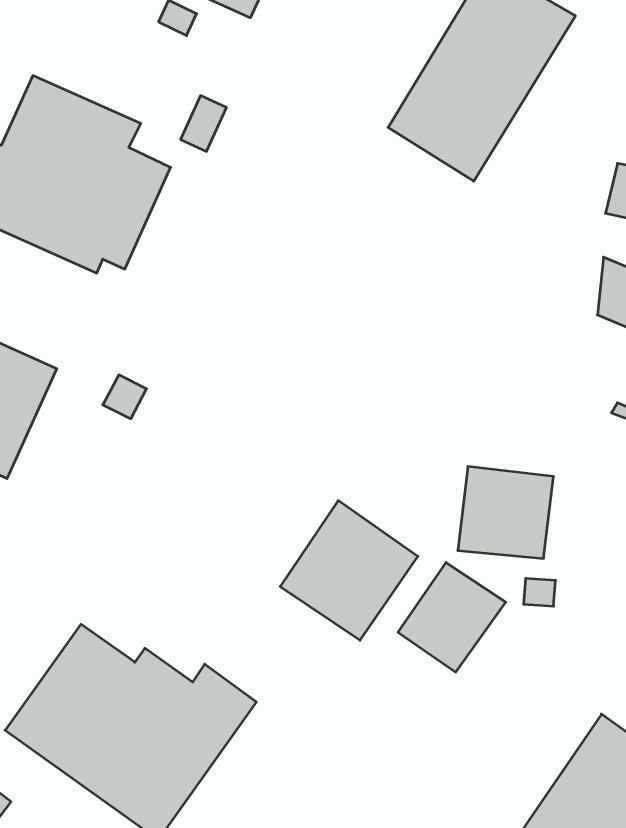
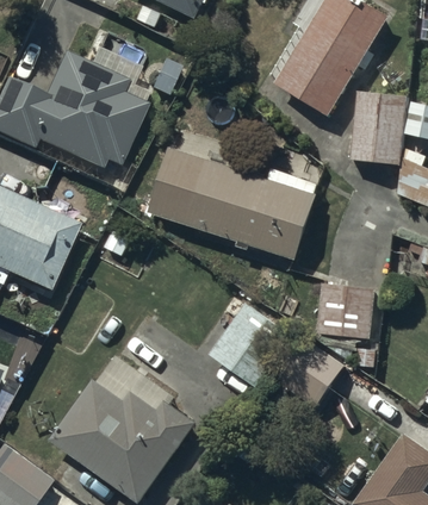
building: none -> [353,88,408,162]
building: none -> [150,146,317,257]

